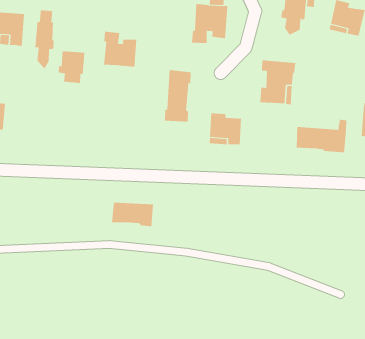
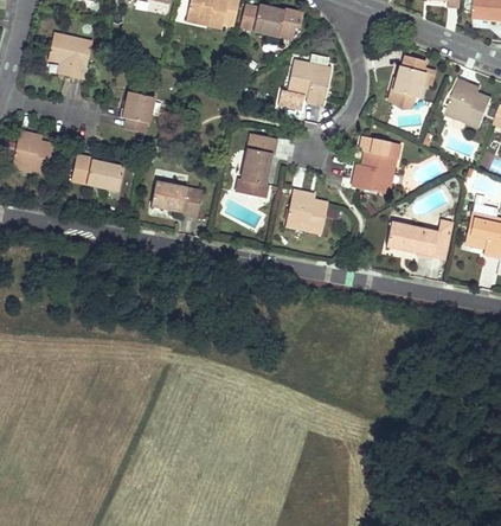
building: [35,10,54,70] -> none
building: [103,31,137,67] -> none
building: none -> [71,154,123,190]
building: [111,202,154,227] -> [150,181,204,217]

